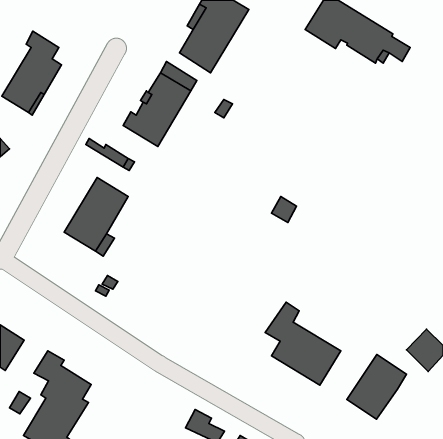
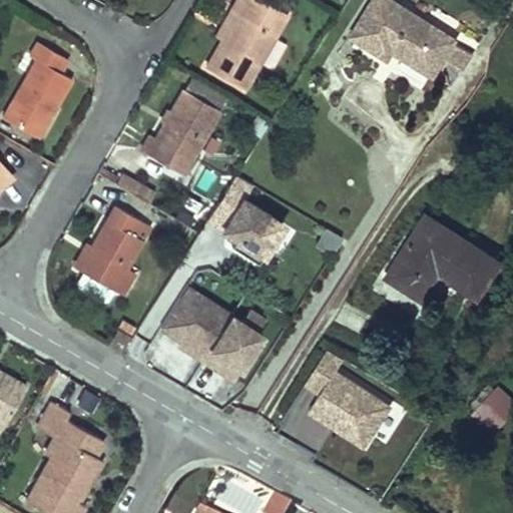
building: none -> [206,176,282,255]
building: none -> [390,218,500,301]
building: none -> [162,288,253,367]
building: [347,355,407,419] -> none

